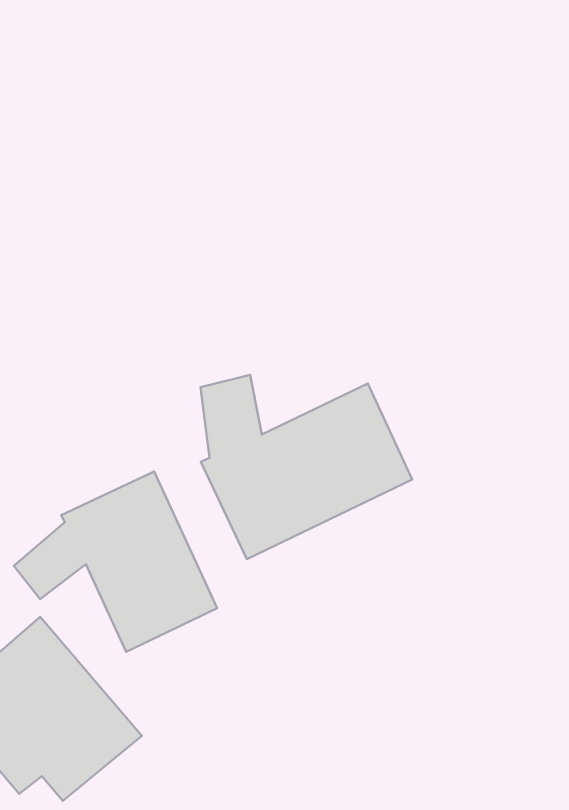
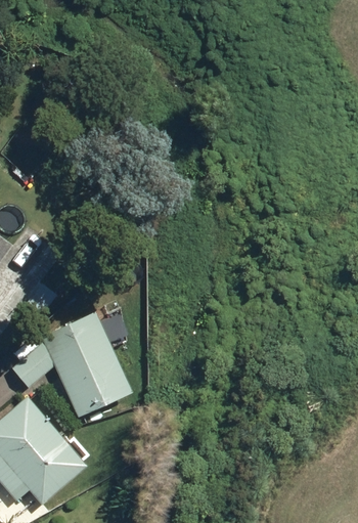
building: [200,375,412,559] -> none

